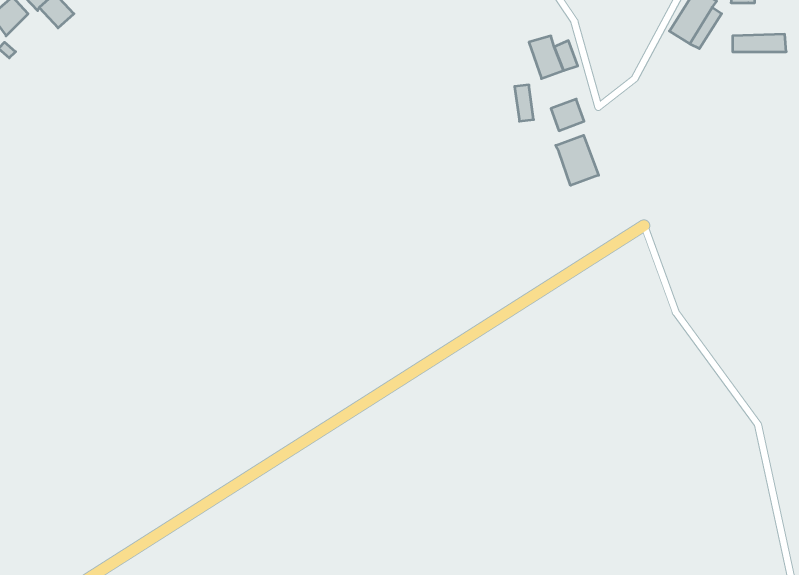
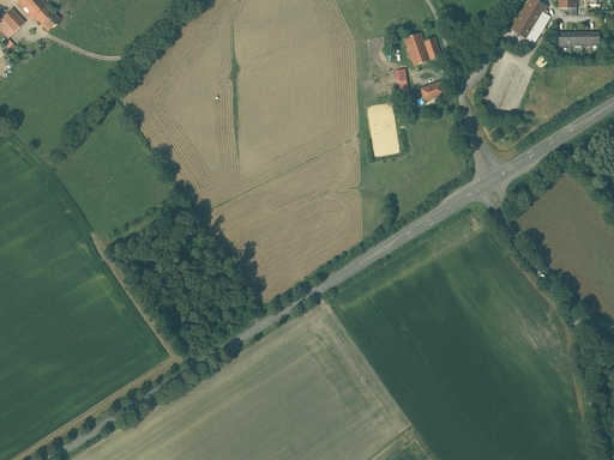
building: [556,135,599,185] -> none

